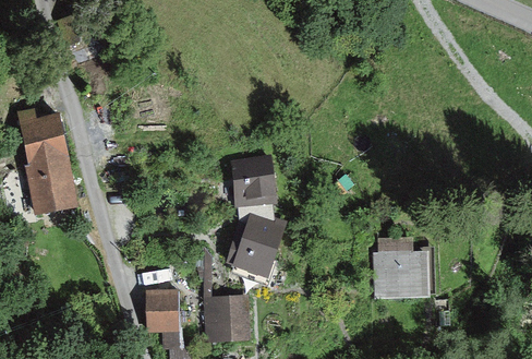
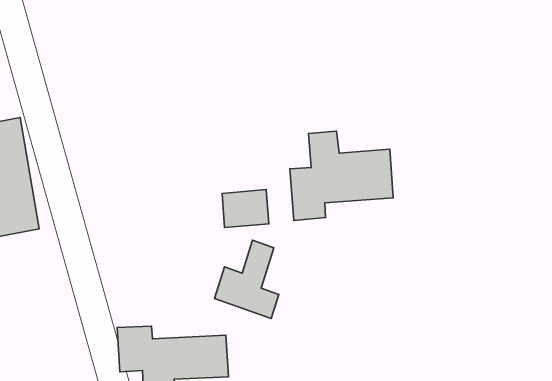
building: none -> [290,131,393,220]
building: [372,250,415,288] -> none

